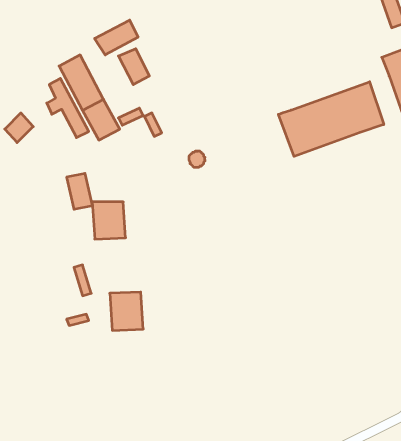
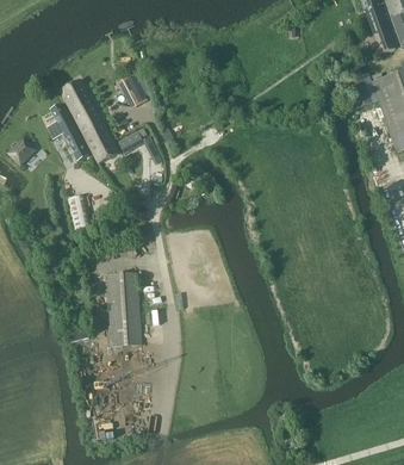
building: [95,20,138,55] -> none
building: [278,82,384,156] -> none
building: [92,202,126,239] -> [106,274,138,310]

